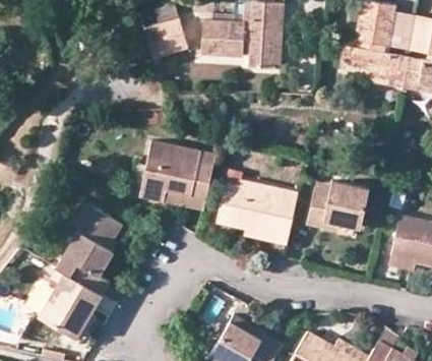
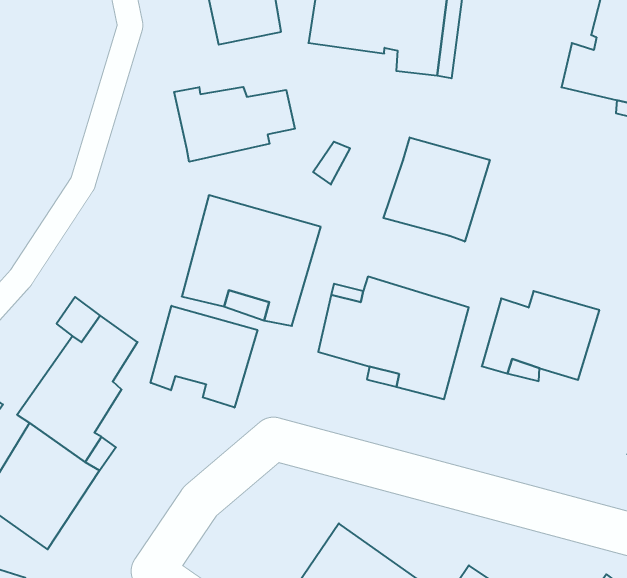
building: none -> [174,87,295,162]
building: none -> [383,137,490,242]
building: none -> [151,306,257,408]

